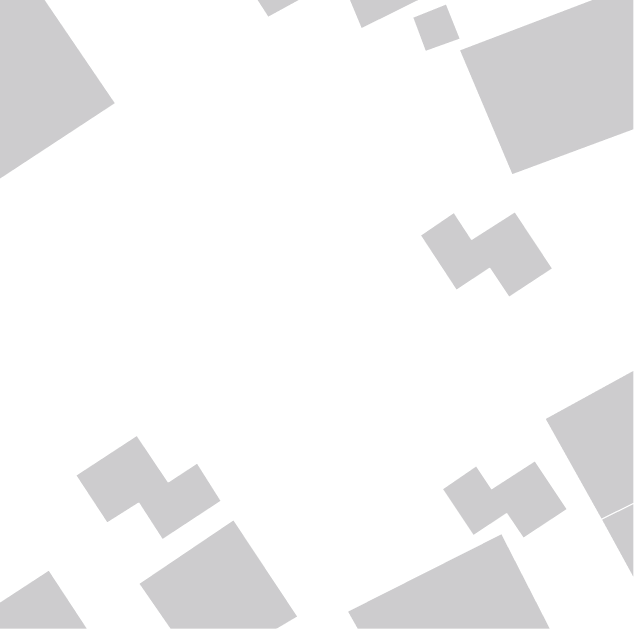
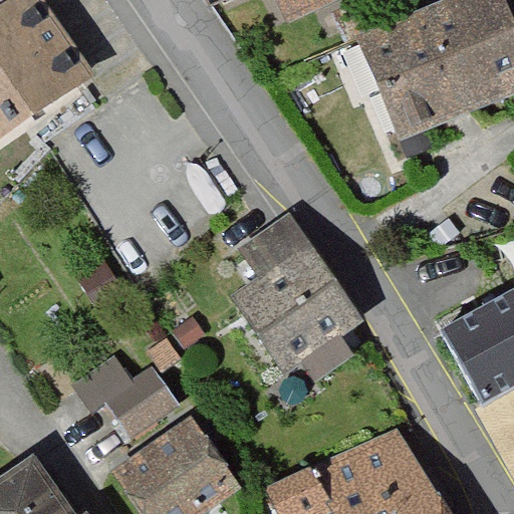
building: [420,211,553,298] -> none
building: none -> [231,199,368,381]
building: [442,461,567,539] -> none

